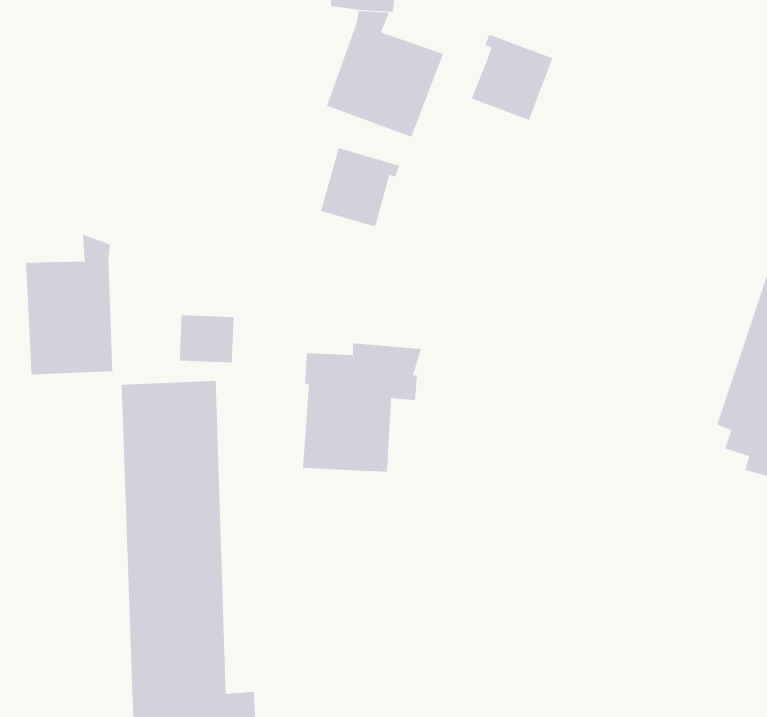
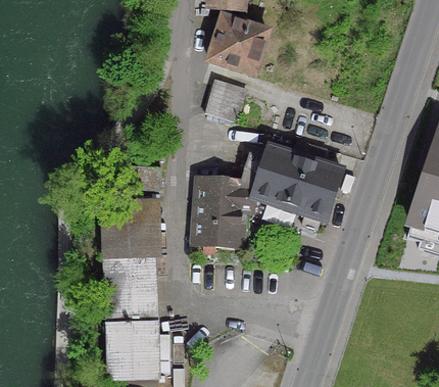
building: [471,34,553,121] -> none
building: [26,234,113,375] -> none
building: none -> [246,140,343,229]

